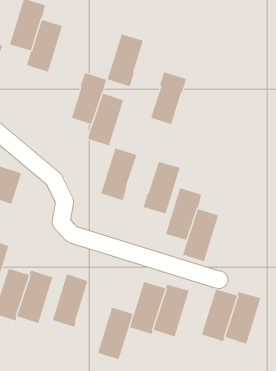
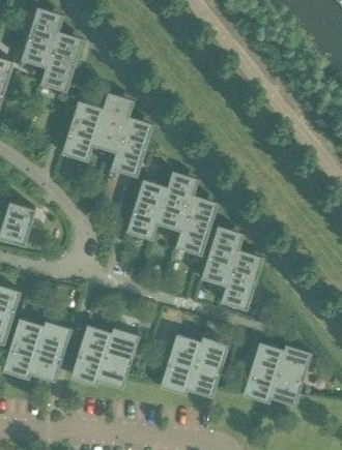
building: [107,34,144,87] -> [61,100,104,161]
building: [150,72,187,125] -> [156,170,199,231]
building: [98,307,134,360] -> [97,327,139,388]

